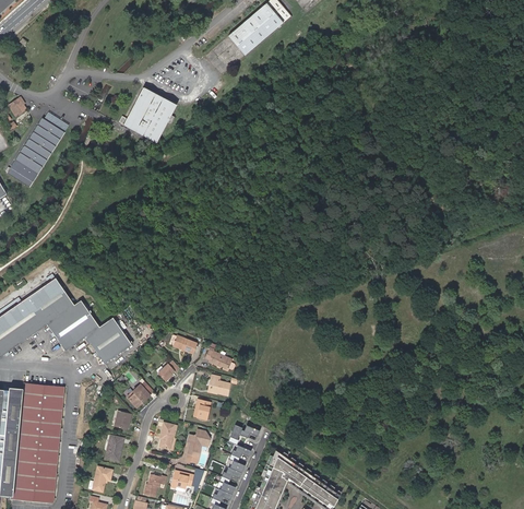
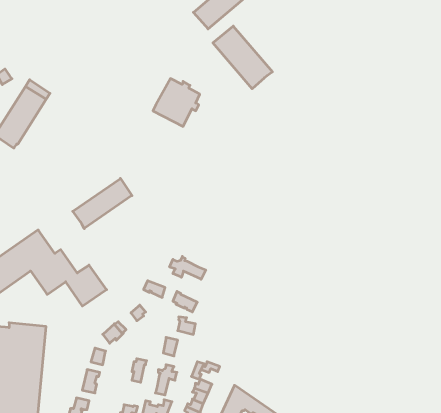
building: none -> [213,26,272,89]
building: [124,86,177,140] -> [153,79,200,126]
building: none -> [73,178,132,229]
building: none -> [170,256,206,279]

